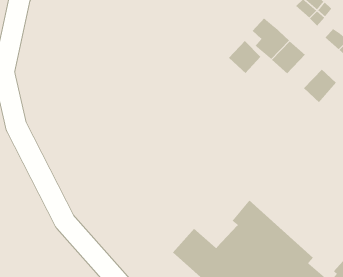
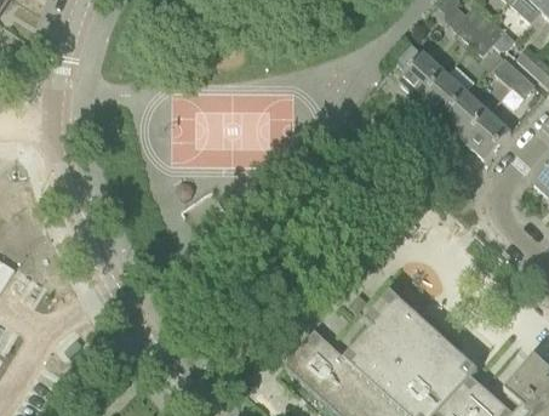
building: [228,40,261,74] -> none
building: none -> [440,91,487,137]

